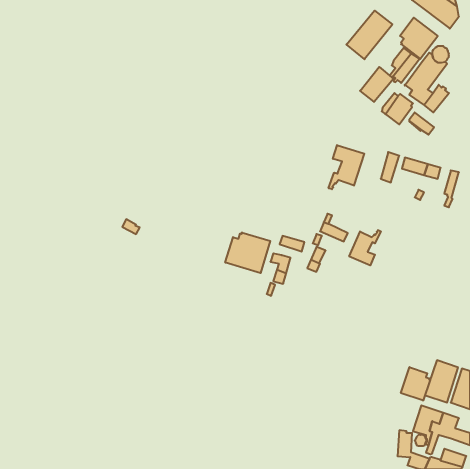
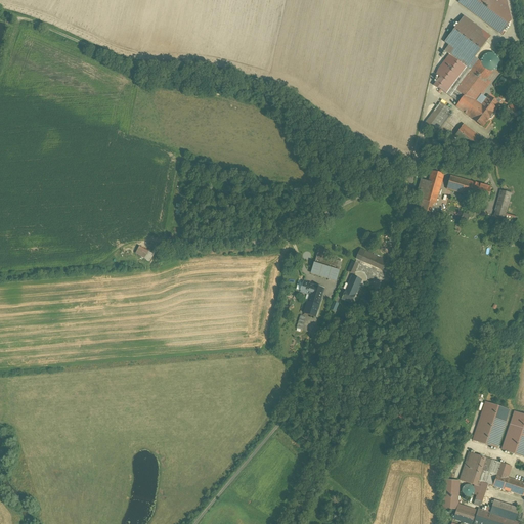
building: [346,11,392,59] -> none
building: [360,67,393,102] -> none
building: [329,145,364,189] -> none
building: [349,230,381,265] -> none
building: [225,232,270,273] -> none
building: [401,367,430,401] -> none

